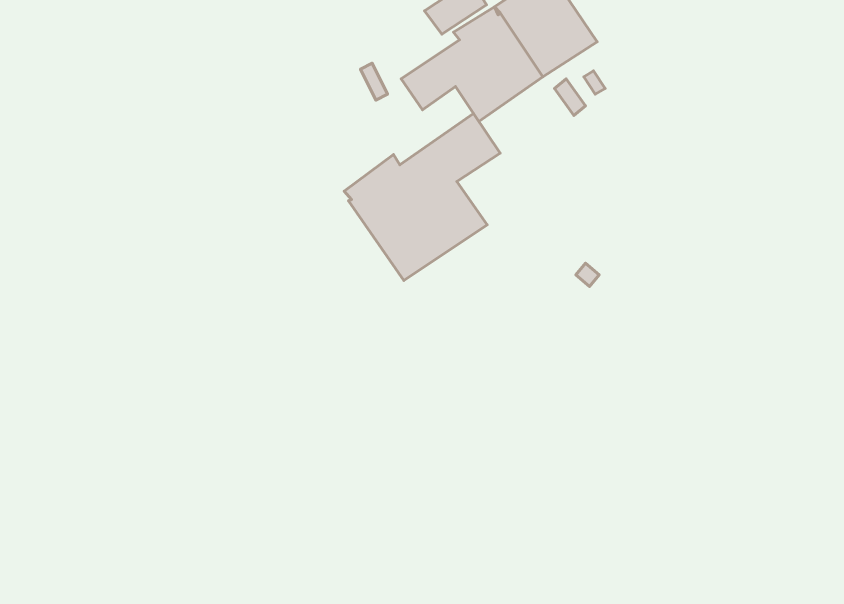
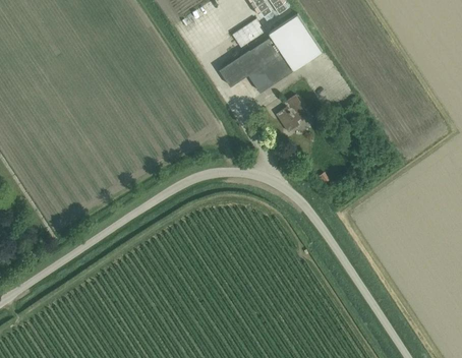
building: [344,114,500,280] -> none
building: none -> [276,96,308,132]

